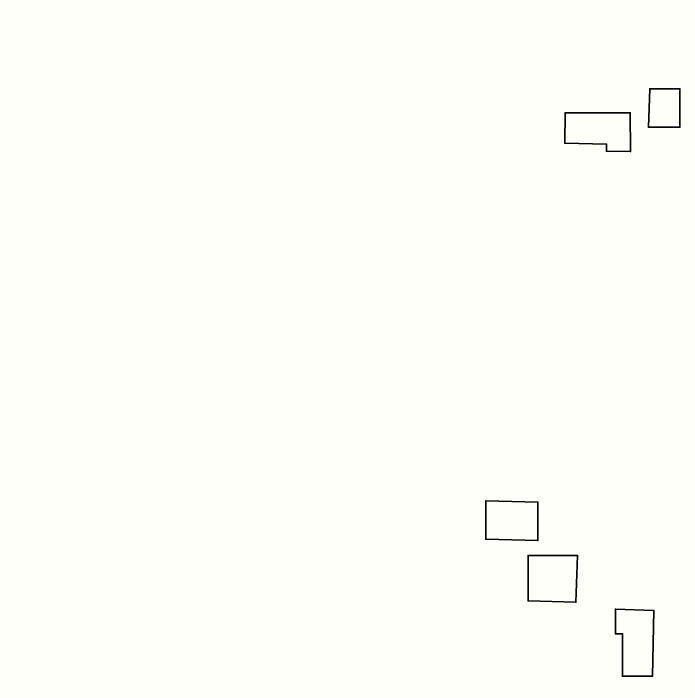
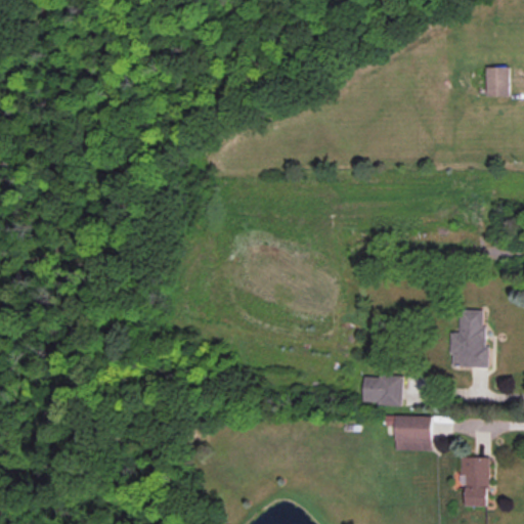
building: [565,113,631,152] -> none
building: none -> [450,310,486,368]

